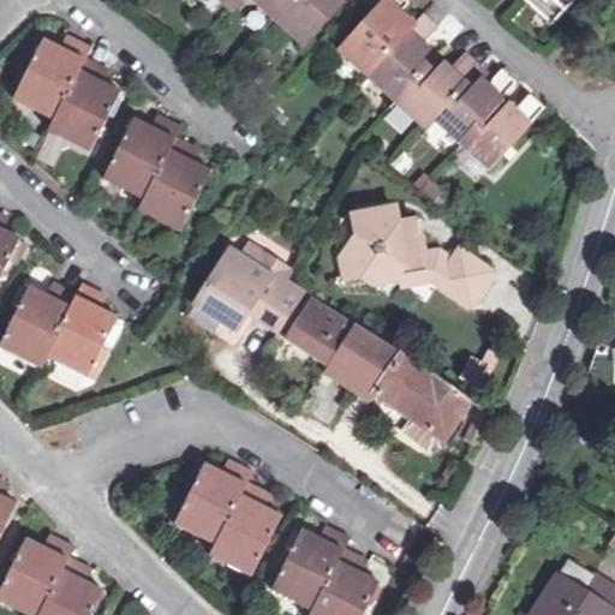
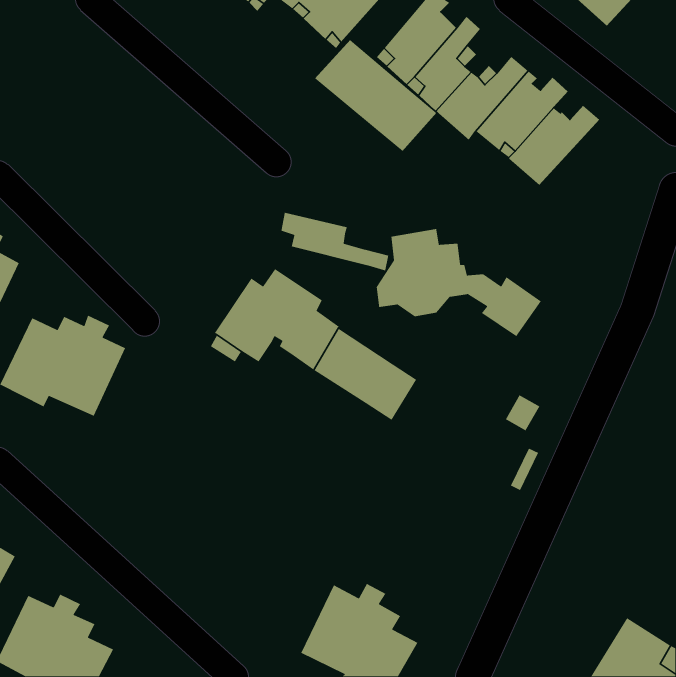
building: none -> [314,39,437,152]
building: [11,37,120,153] -> none
building: [101,118,210,232] -> none
building: none -> [280,212,389,271]
building: [354,344,472,440] -> none
building: [173,462,280,575] -> none

